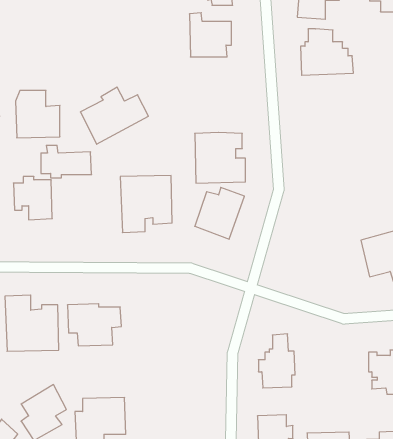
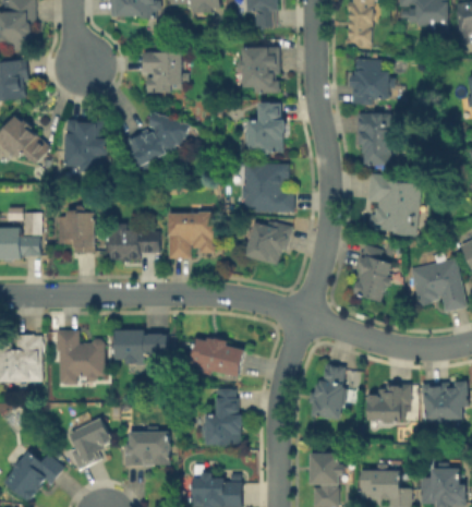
building: none -> [143,53,189,100]
building: none -> [246,101,285,154]
building: none -> [355,108,402,166]
building: none -> [366,170,419,234]
building: [41,145,92,178] -> [111,226,162,258]
building: none -> [351,244,399,306]
building: none -> [191,336,247,379]
building: none -> [368,384,410,419]
building: none -> [203,387,241,444]

